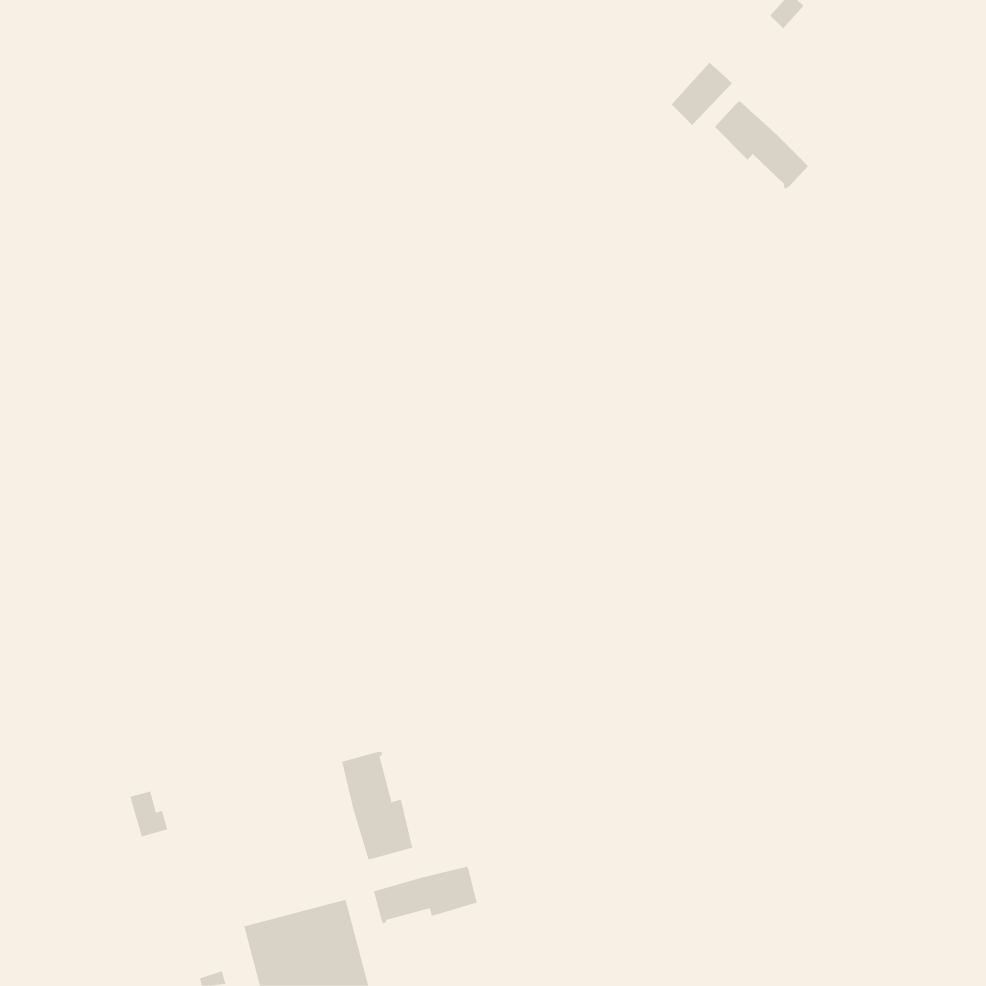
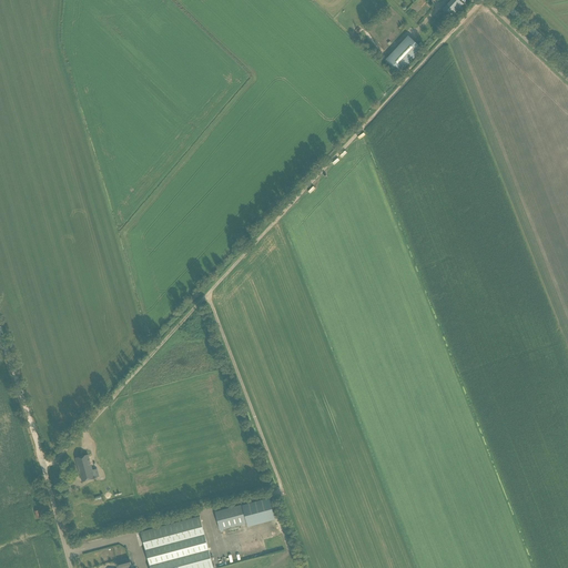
building: [714,100,809,190] -> none
building: [342,751,413,860] -> none

